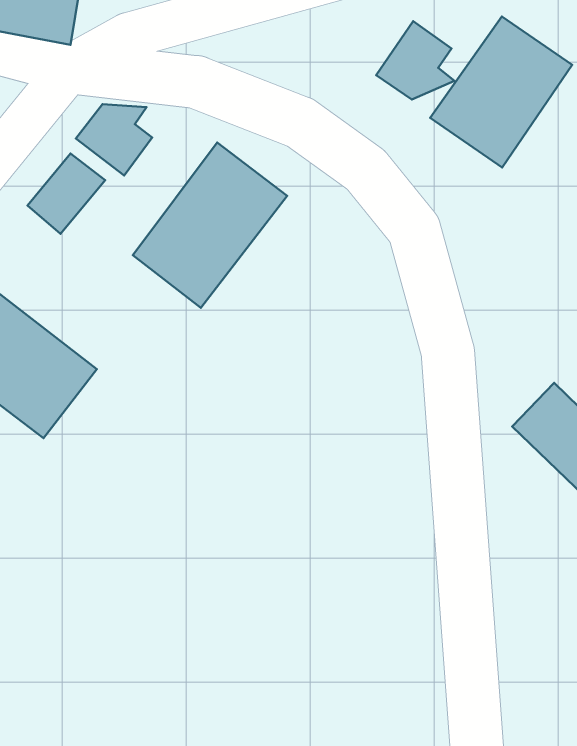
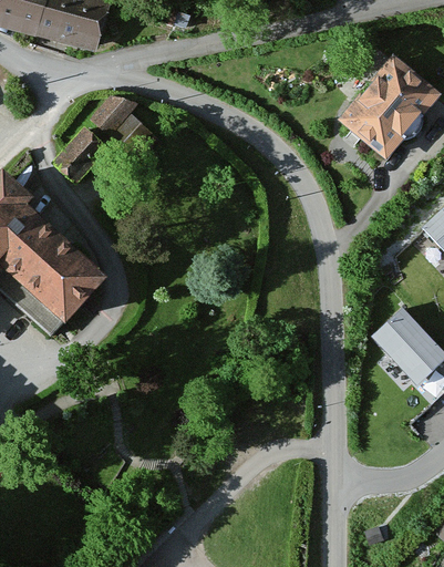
building: [376,21,454,100] -> none
building: [133,142,287,308] -> none

